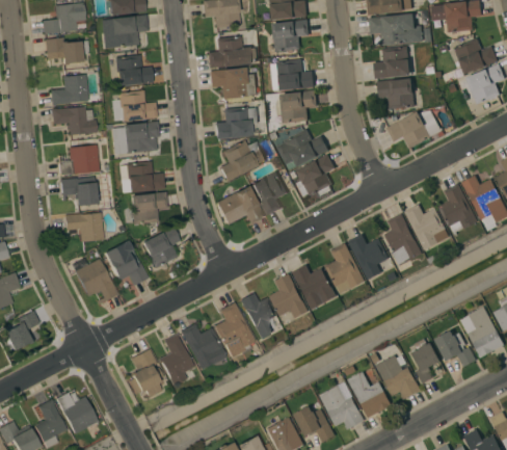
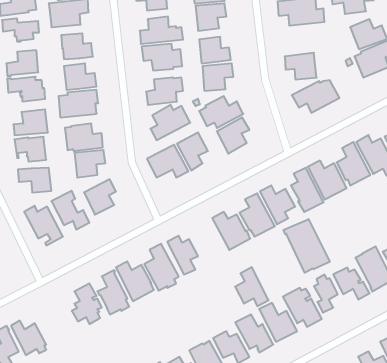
building: [374,47,410,78] -> none
building: [270,273,310,319] -> [235,267,269,306]
building: none -> [283,219,330,273]

